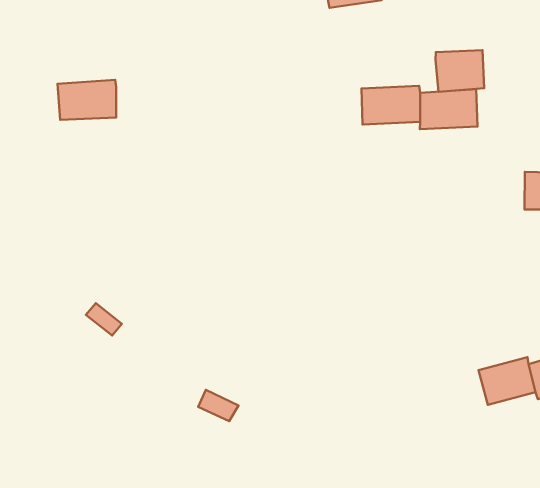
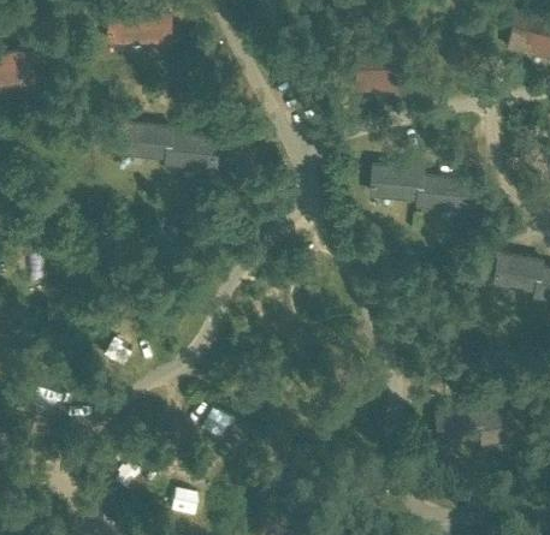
building: [436,50,484,92] -> none
building: none -> [167,133,218,168]

